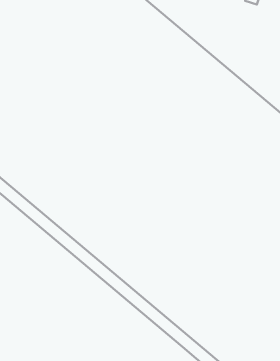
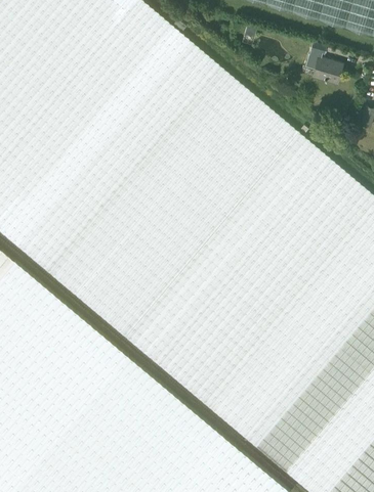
building: none -> [315,57,342,80]

